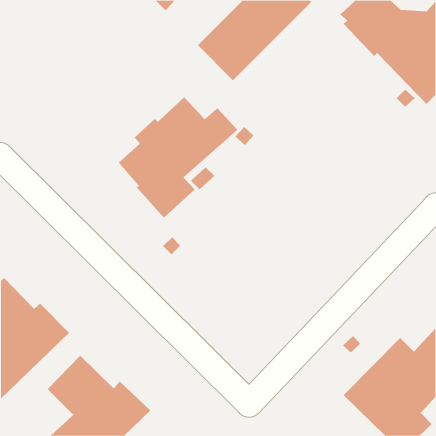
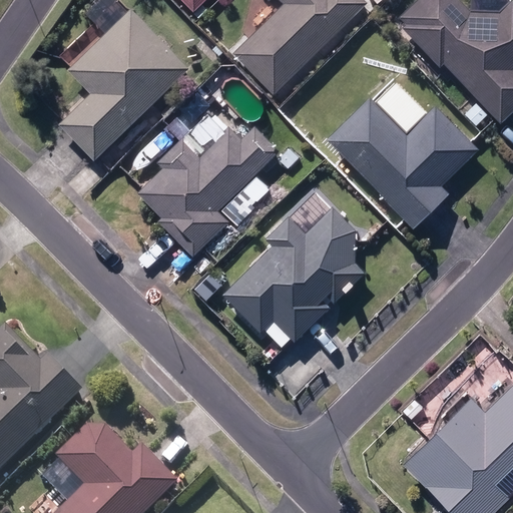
building: none -> [60,9,189,160]
building: none -> [326,96,479,229]
building: none -> [224,207,366,343]

